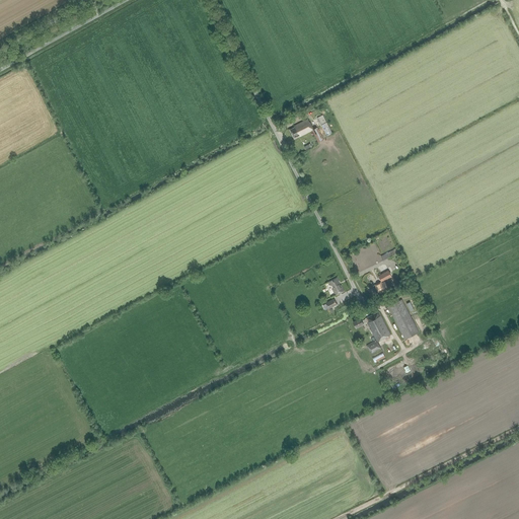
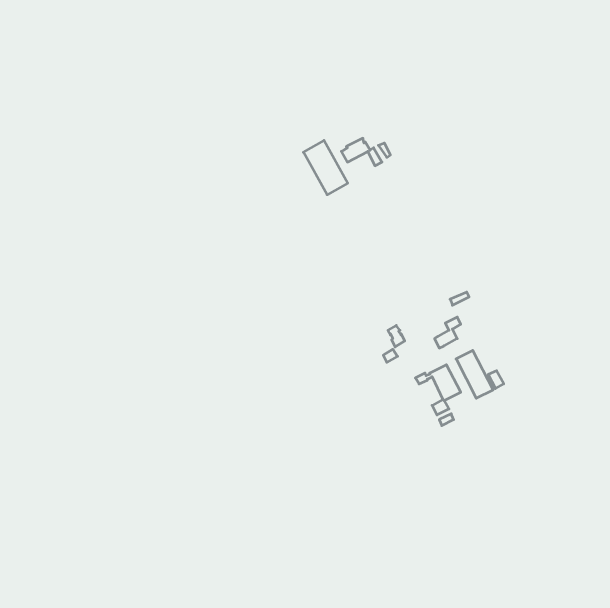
building: none -> [303,140,348,195]

